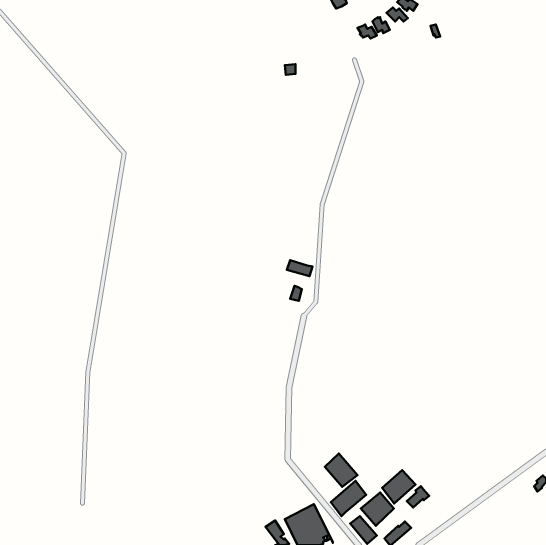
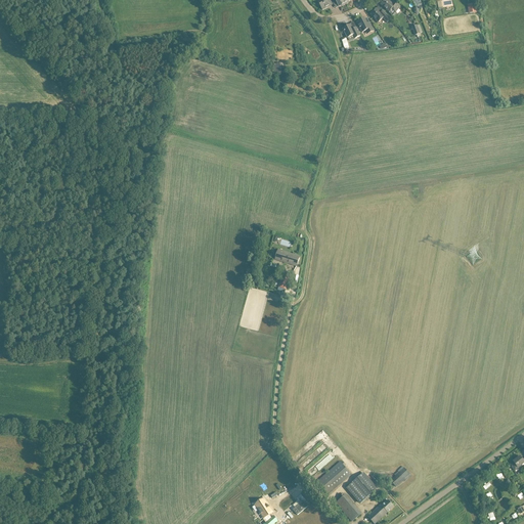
building: [325,454,358,487] -> none
building: [382,470,416,503] -> none

